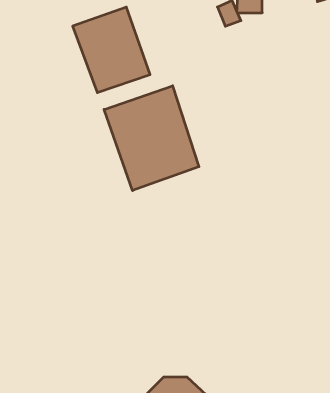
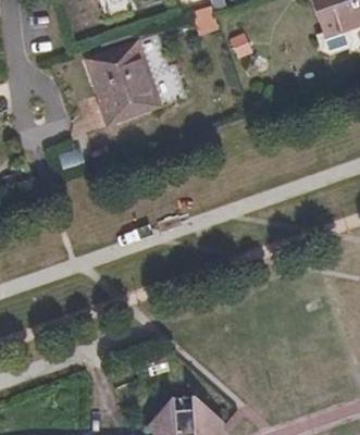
building: [104,86,199,191] -> none

